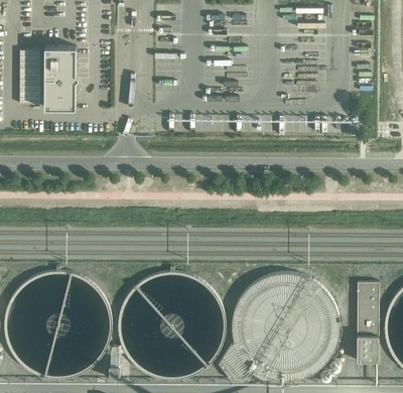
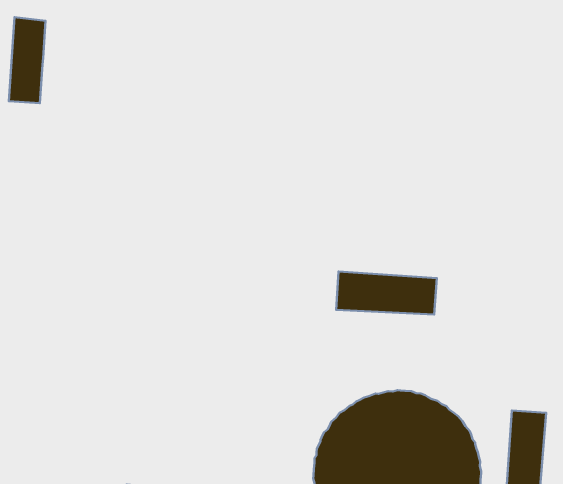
building: [43,50,79,112] -> none
building: none -> [336,272,437,315]

